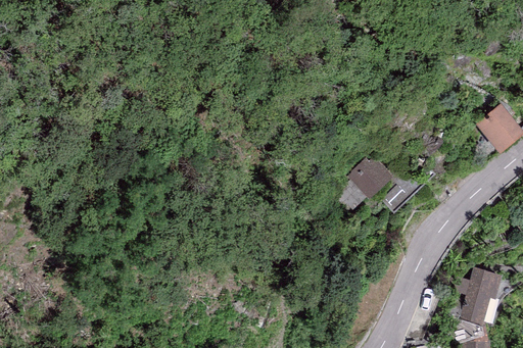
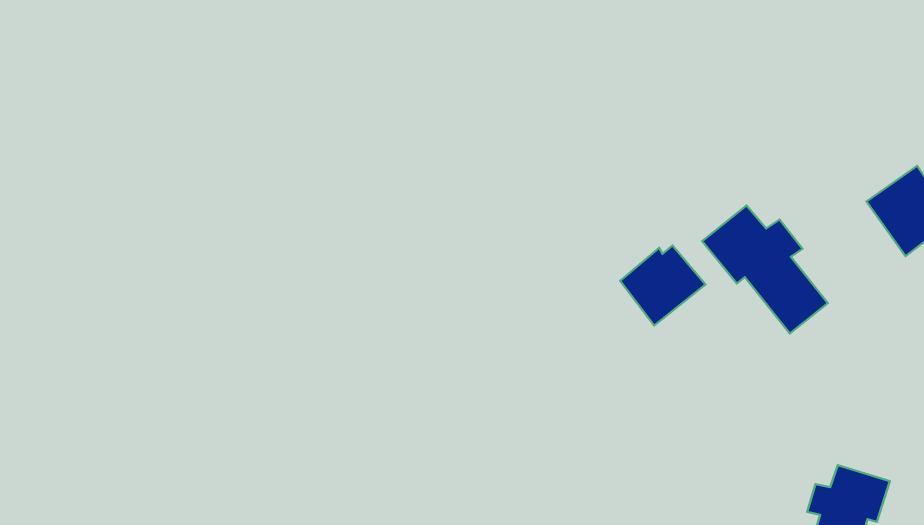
building: none -> [702,206,828,333]

